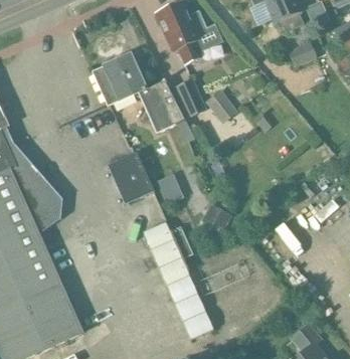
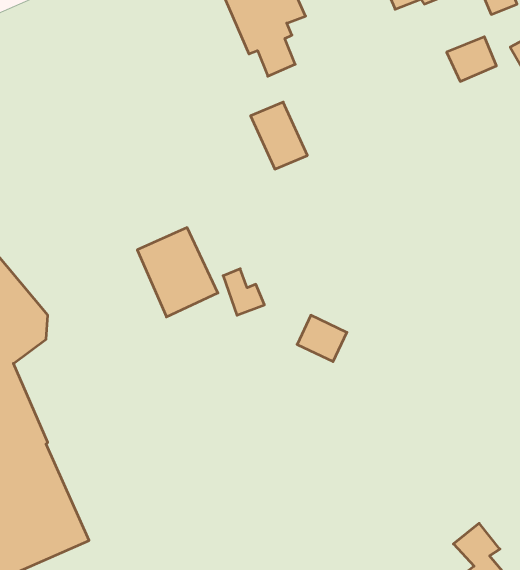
building: [92,53,185,132] -> none
building: [206,89,238,124] -> none
building: [145,220,211,340] -> none

